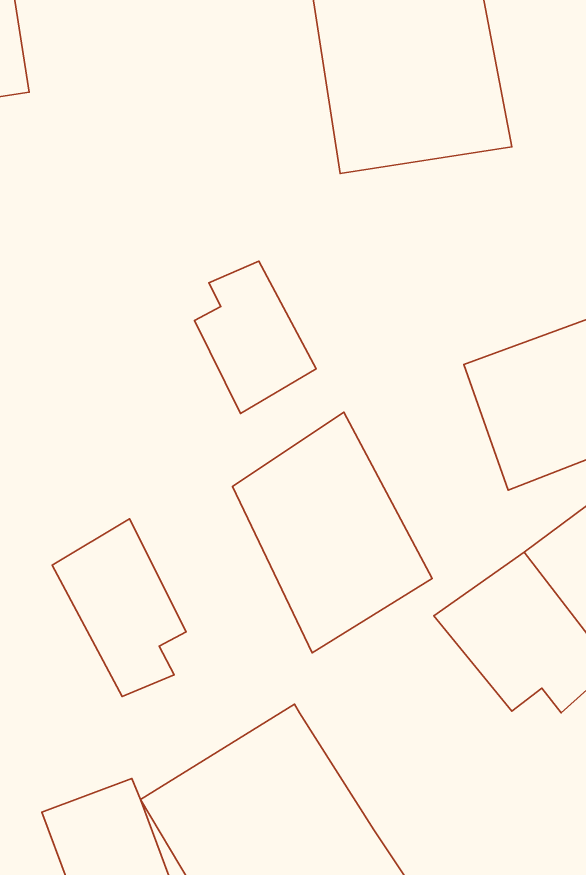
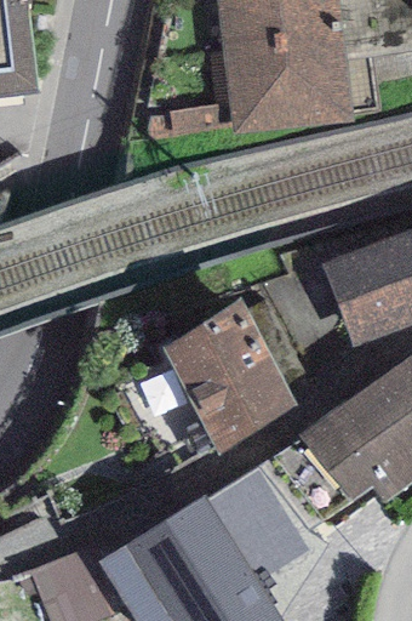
building: [194,261,316,413] -> none
building: [52,519,186,697] -> none
building: none -> [208,469,310,582]

